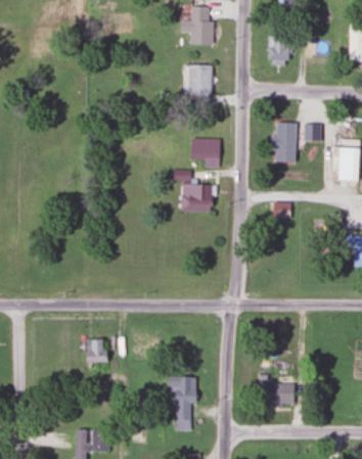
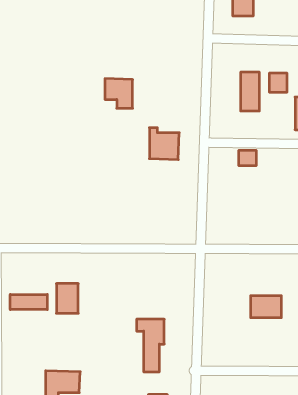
building: [188,64,211,95] -> none
building: [191,137,220,168] -> [105,79,133,108]
building: none -> [10,294,47,310]
building: [264,383,296,406] -> [251,296,281,318]

